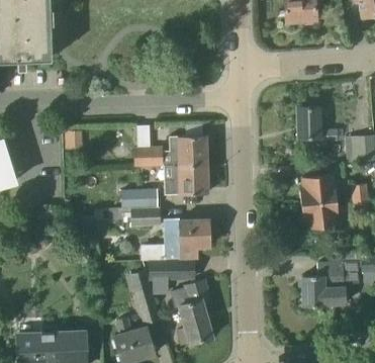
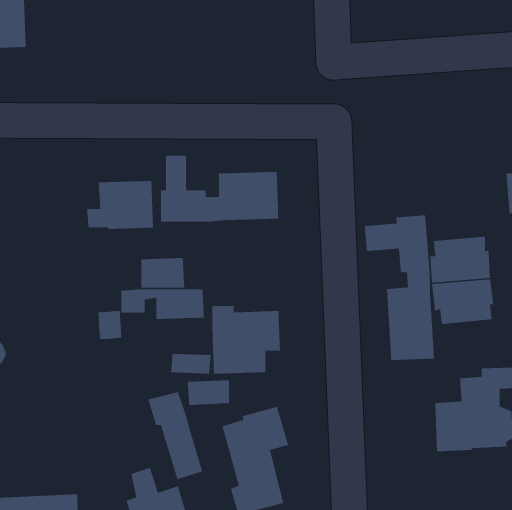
building: [297,106,339,142] -> none
building: none -> [364,214,435,361]
building: [167,165,208,195] -> [86,180,154,230]

